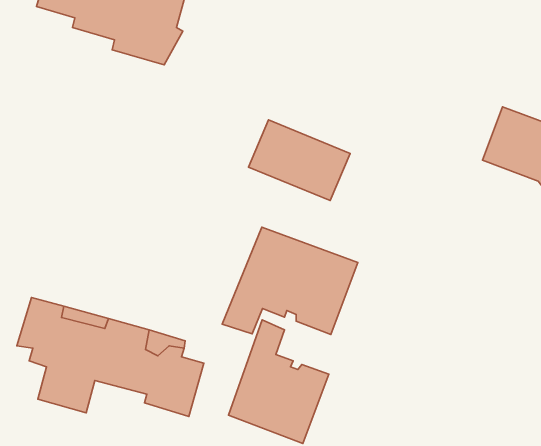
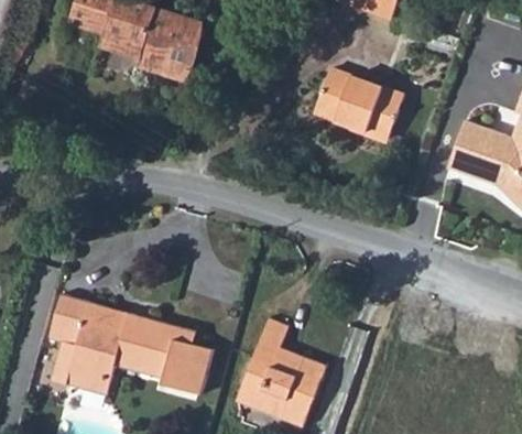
building: [249,120,350,200] -> [313,61,403,132]
building: [222,227,358,334] -> none

